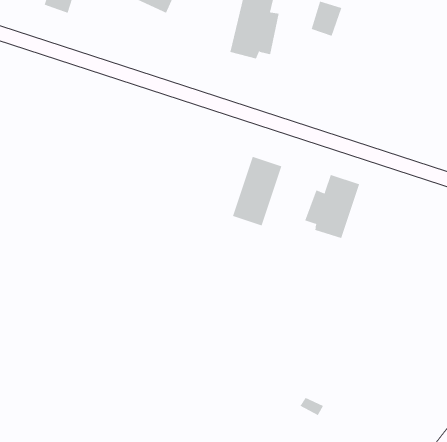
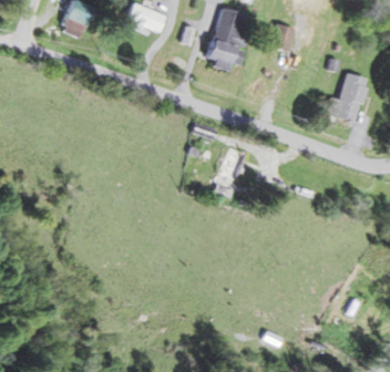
building: none -> [327,72,368,124]
building: [304,174,360,239] -> none

